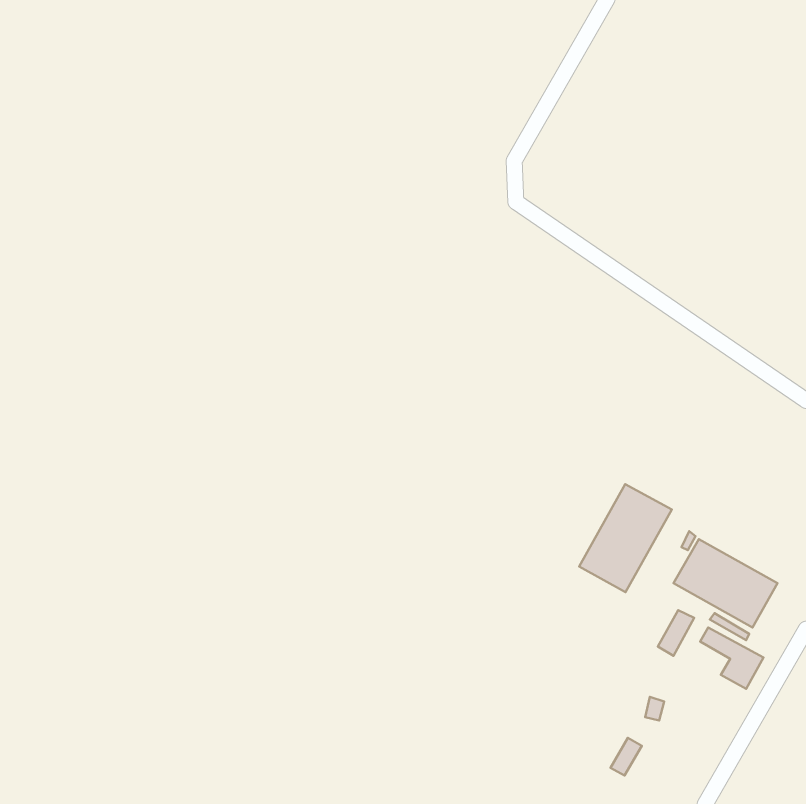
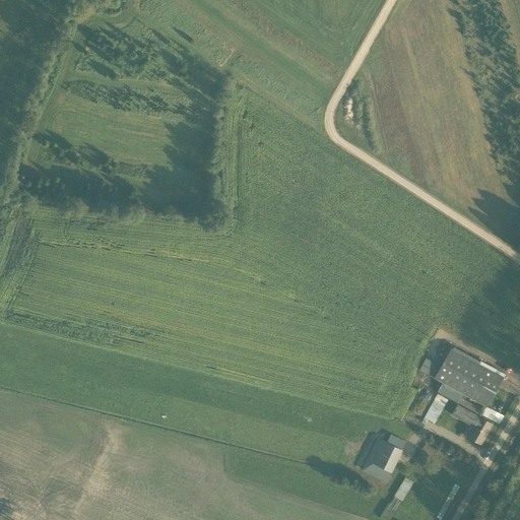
building: [579,484,672,592] -> none
building: none -> [362,433,405,481]

